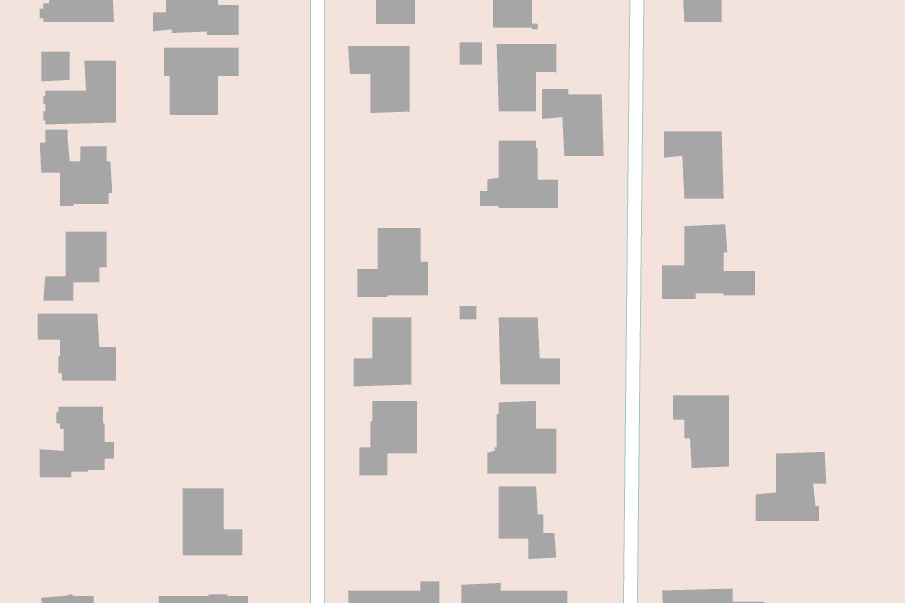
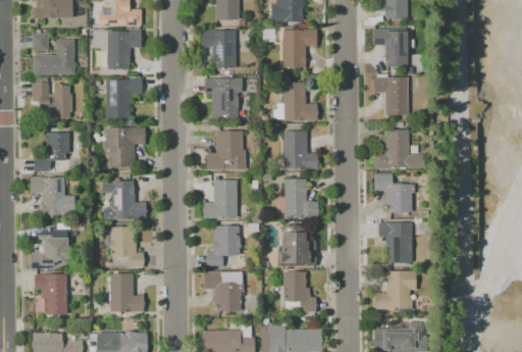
building: [541,88,604,157] -> [373,29,408,66]
building: none -> [205,78,243,119]
building: none -> [106,80,143,118]
building: none -> [105,128,145,166]
building: none -> [283,132,318,170]
building: none -> [374,173,415,215]
building: none -> [102,179,146,218]
building: none -> [112,227,144,267]
building: [755,451,827,522] -> [376,270,416,309]
building: none -> [203,271,244,313]
building: none -> [36,274,67,317]

